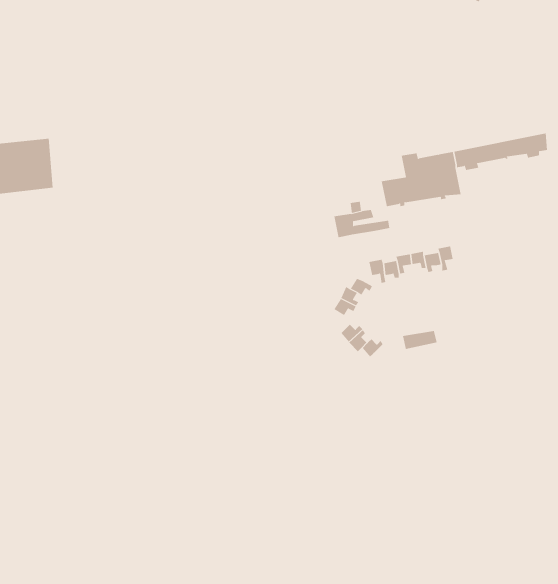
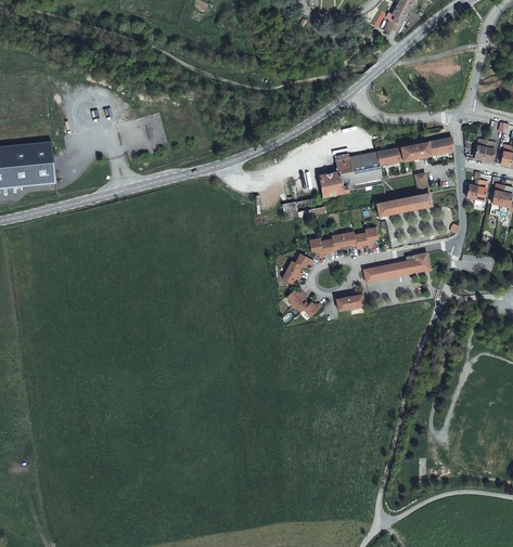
building: none -> [377,173,432,217]
building: none -> [363,252,429,282]

